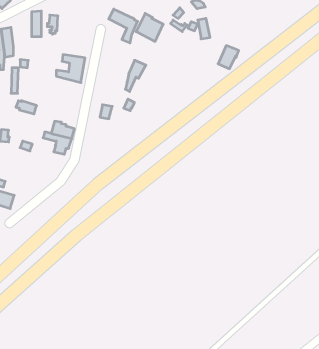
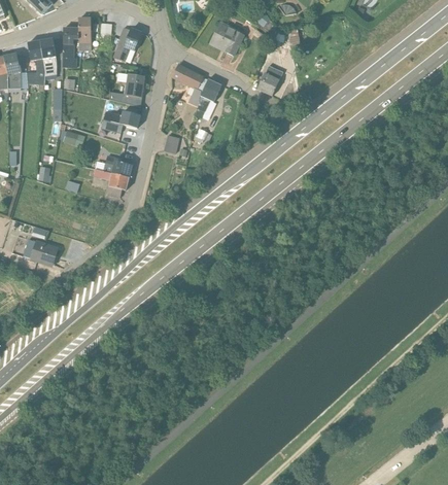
building: [109,9,138,43] -> [171,64,207,106]
building: none -> [112,27,141,63]
building: none -> [63,28,78,67]
building: [218,46,239,69] -> [257,66,283,95]
building: none -> [101,110,140,133]

